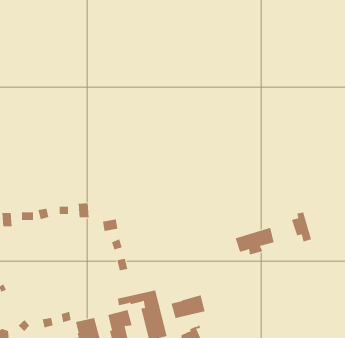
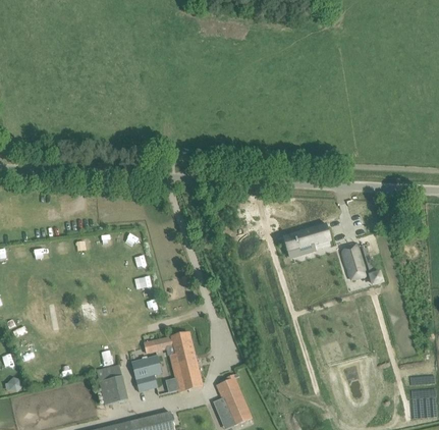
building: [235,227,274,255] -> [283,224,328,256]
building: [171,295,205,319] -> none

